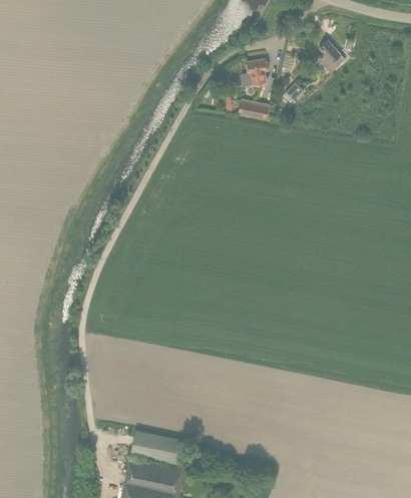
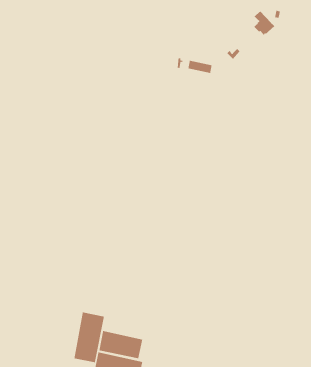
building: [240,59,268,87] -> none
building: none -> [73,312,105,363]

